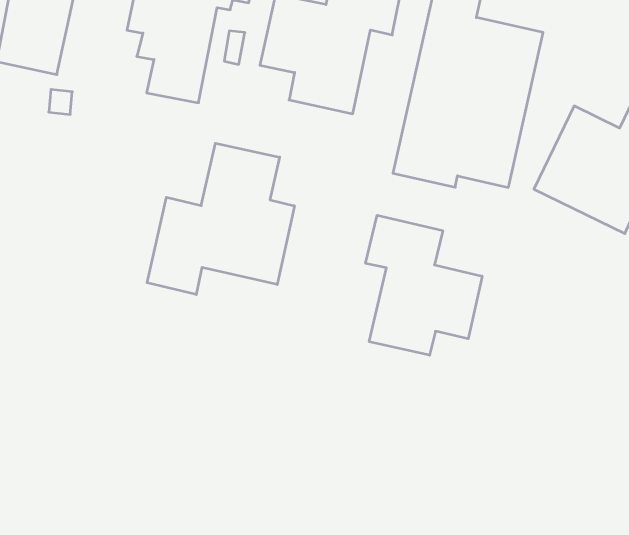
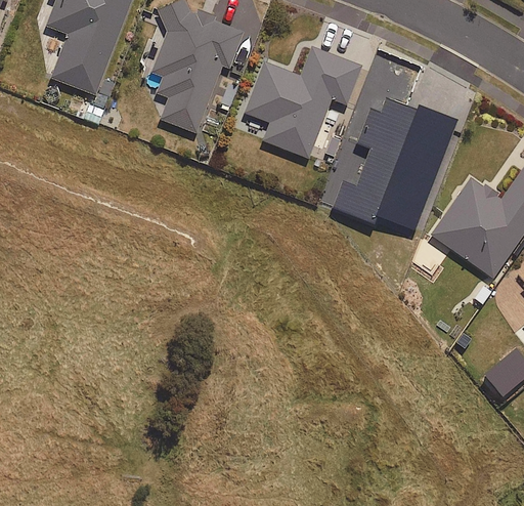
building: [147,143,294,295] -> none
building: [366,215,482,355] -> none

